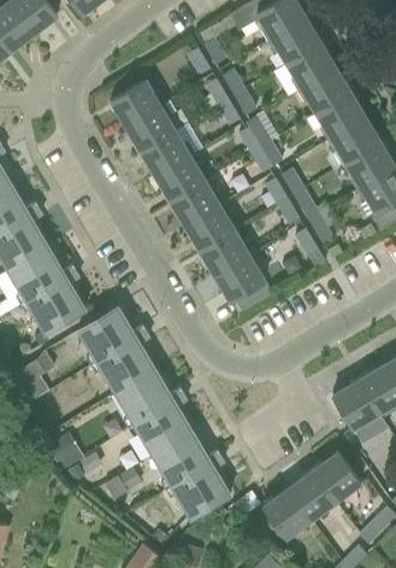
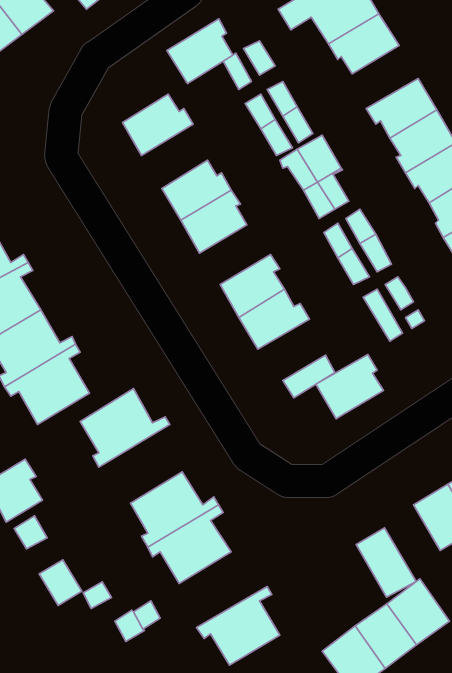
building: [283,42,337,90] -> none
building: [125,103,176,152] -> [167,19,233,83]
building: [170,180,224,226] -> none
building: [214,252,266,301] -> [316,354,383,419]
building: [93,333,156,393] -> none
building: none -> [356,528,416,597]
building: [154,431,221,488] -> none

